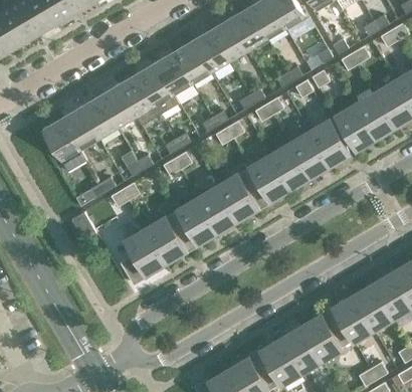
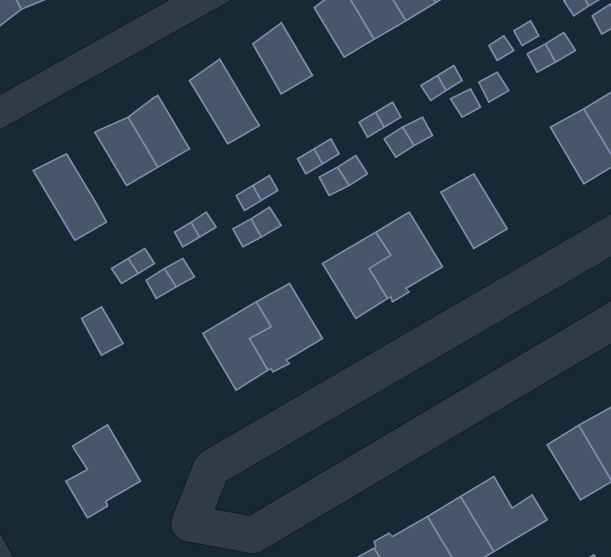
building: [192,31,230,72] -> none
building: [155,53,192,94] -> none
building: [118,75,160,125] -> none
building: [335,104,375,150] -> none
building: [62,107,98,150] -> none
building: [308,119,349,165] -> none
building: [269,143,308,188] -> none
building: [197,186,237,231] -> none
building: [120,228,165,284] -> [66,425,141,518]
building: [321,296,373,341] -> none

